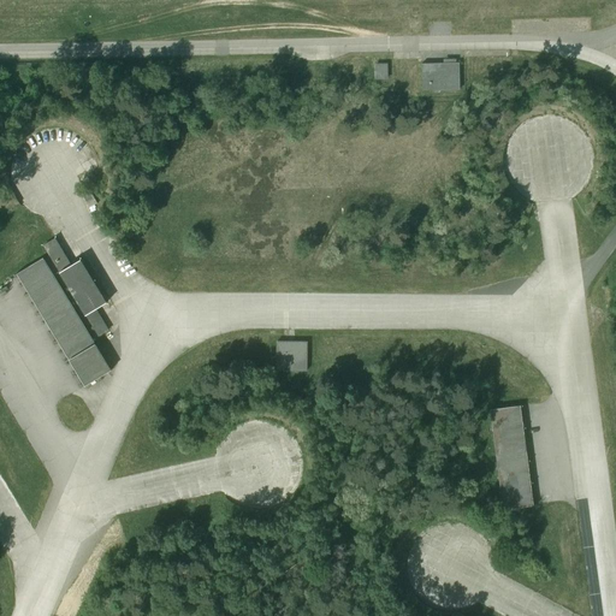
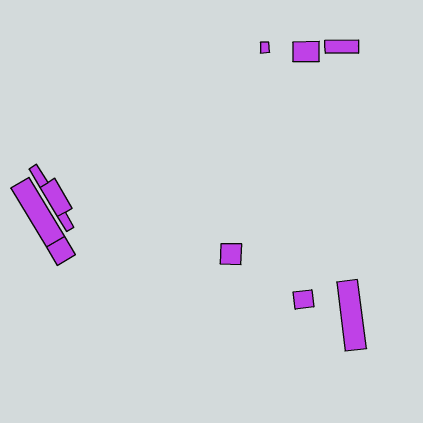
building: none -> [325,40,359,53]
building: [274,340,306,371] -> [220,244,242,265]
building: none -> [293,290,314,309]

